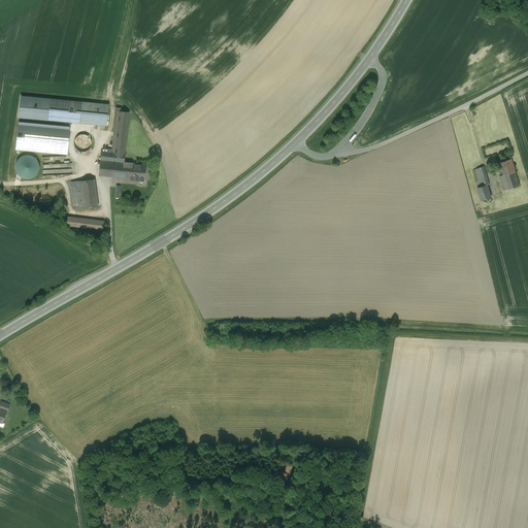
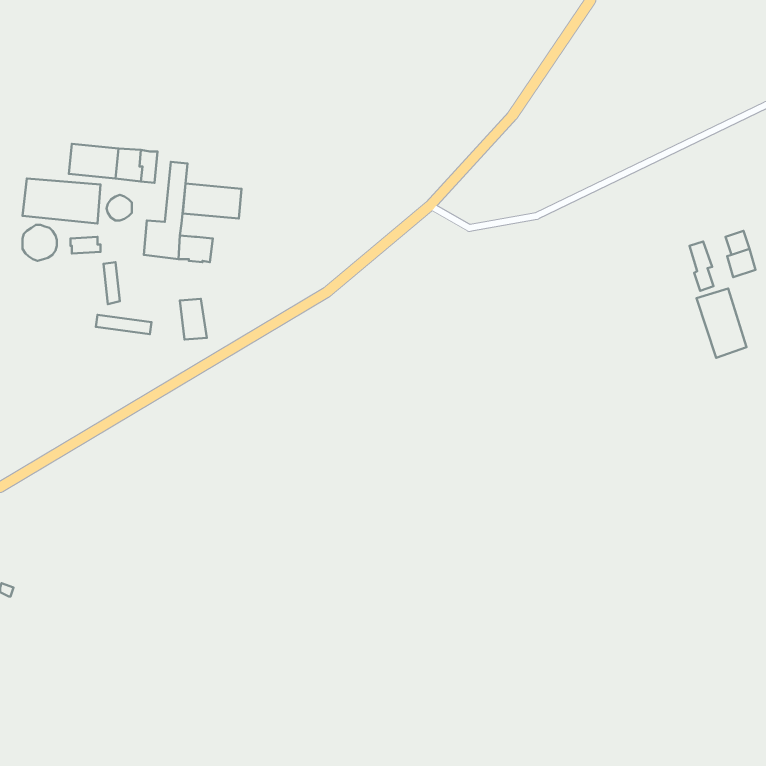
building: [19,96,50,120] -> none
building: none -> [183,184,241,219]
building: [79,179,98,207] -> [180,299,207,339]
building: none -> [696,289,747,358]

